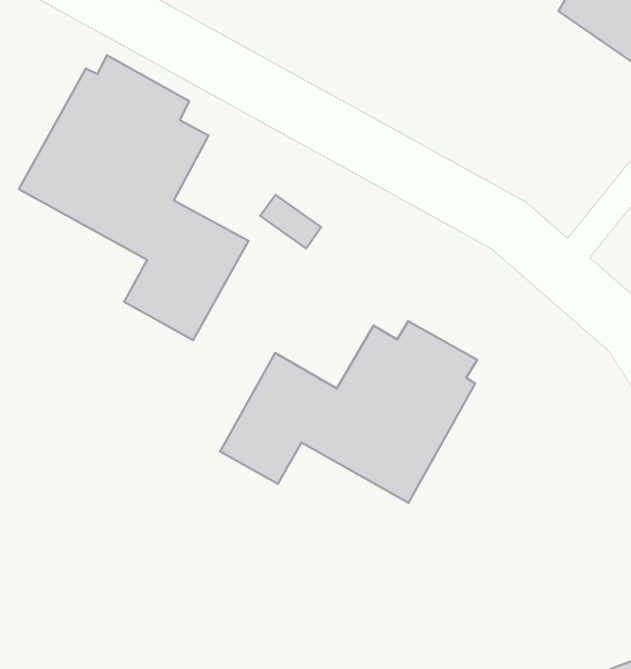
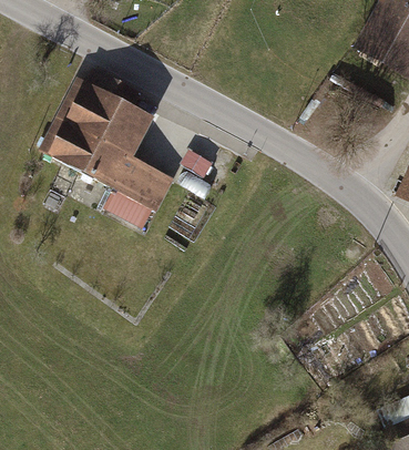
building: [220,321,477,503] -> none

